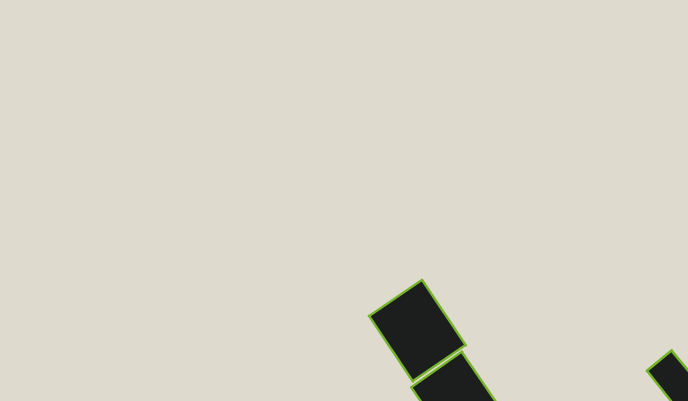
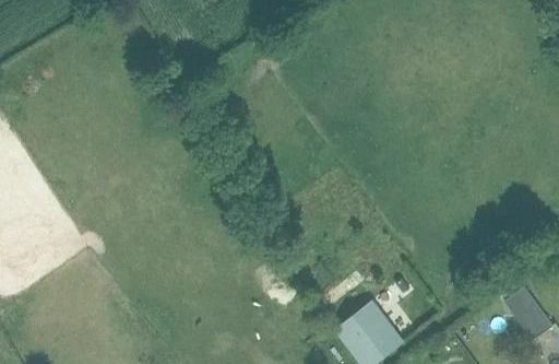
building: [369,280,466,381] -> none

